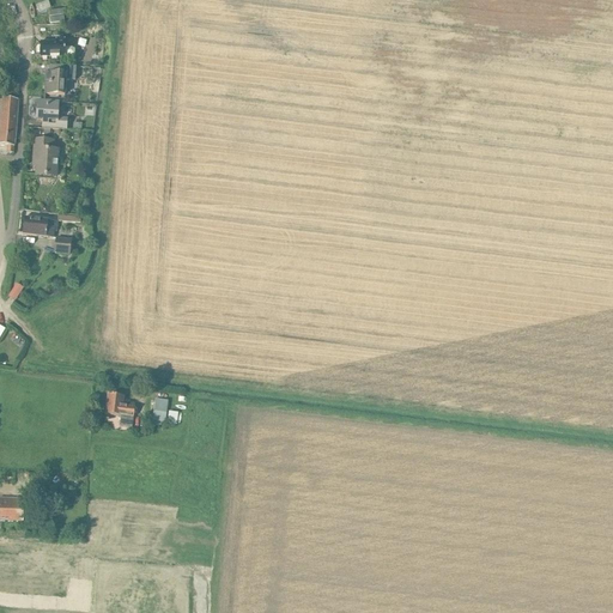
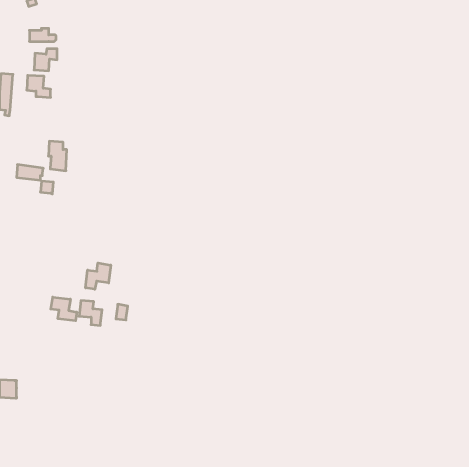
building: [32,136,56,175] -> [48,141,67,171]
building: none -> [86,263,111,289]
building: none -> [51,297,77,321]

